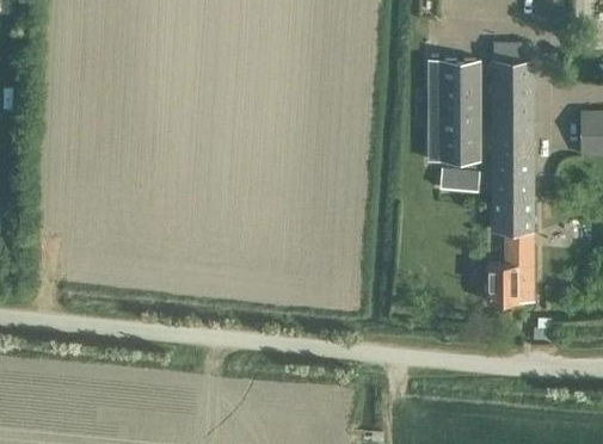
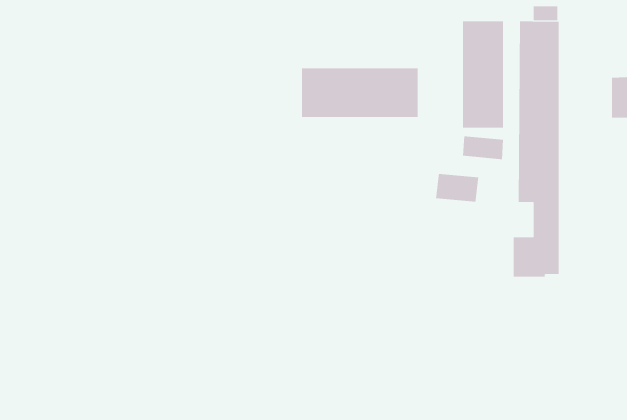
building: none -> [302,67,418,118]
building: none -> [436,173,479,203]

